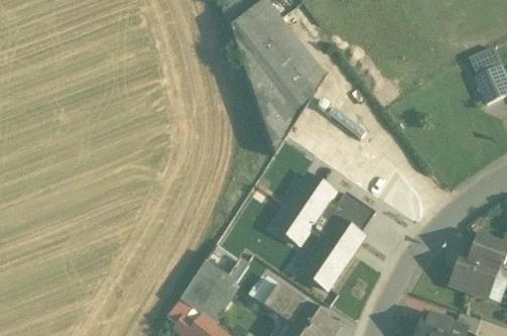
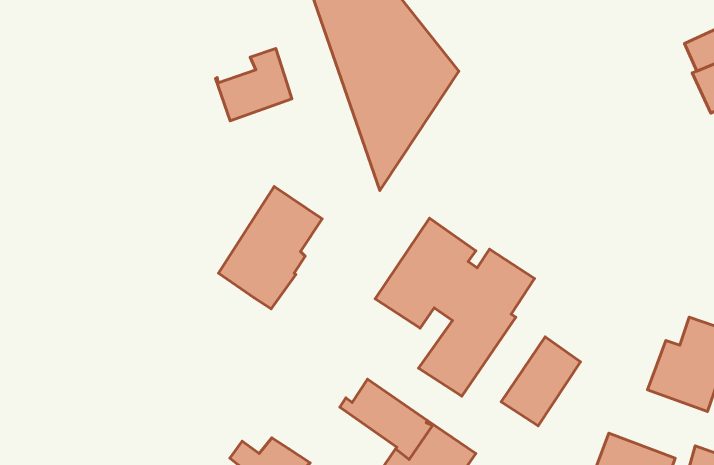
building: none -> [215,48,292,121]
building: [180,242,248,322] -> [219,186,322,309]
building: none -> [501,337,581,426]

